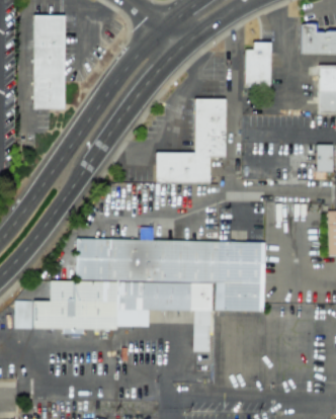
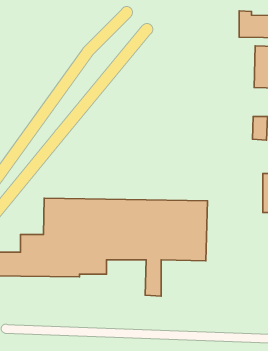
building: [33,15,66,108] -> none
building: [245,43,271,87] -> none
building: [156,100,227,187] -> none

